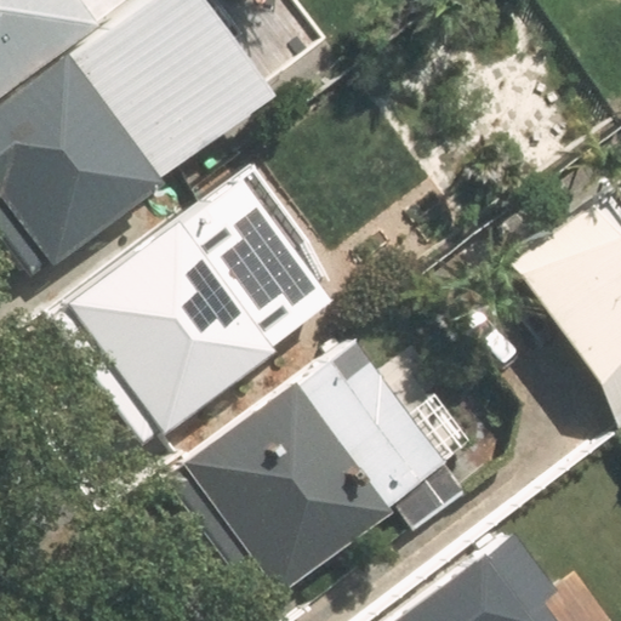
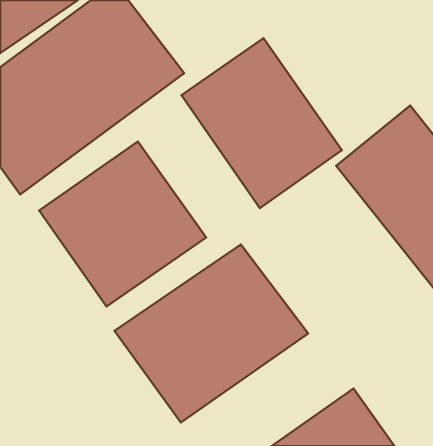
building: none -> [182,38,342,208]

